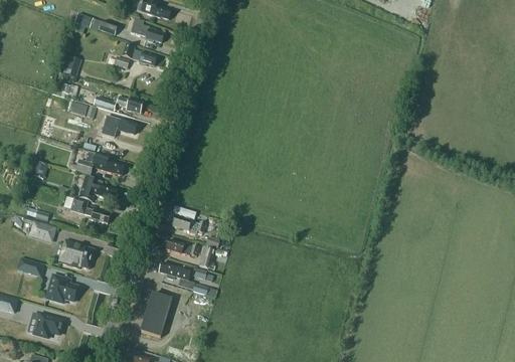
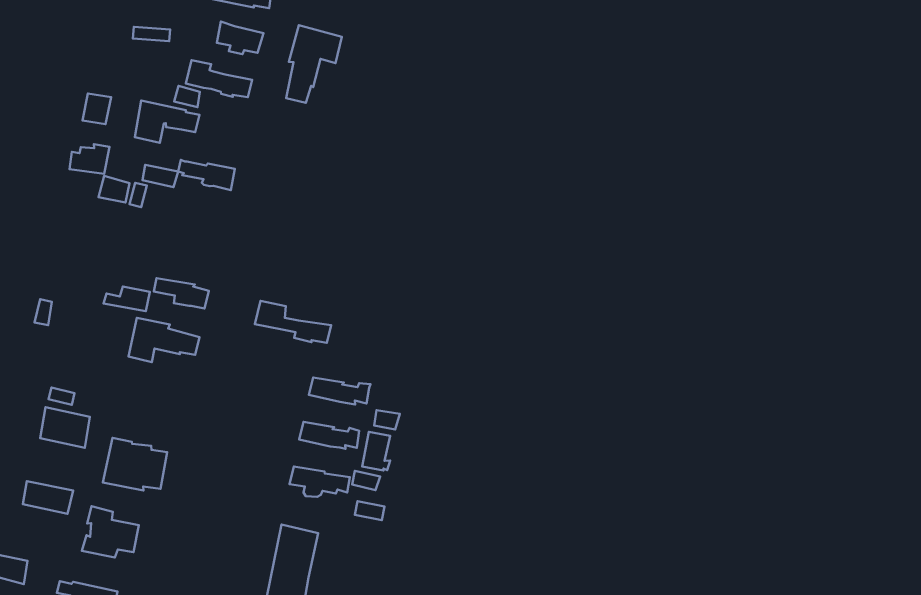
building: none -> [286,25,342,103]
building: [101,115,136,138] -> [135,101,199,143]
building: [69,198,110,223] -> [255,301,331,343]

